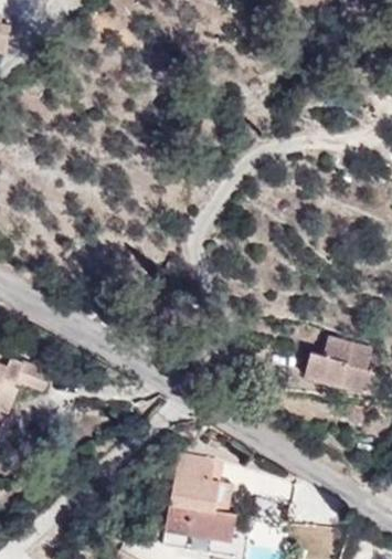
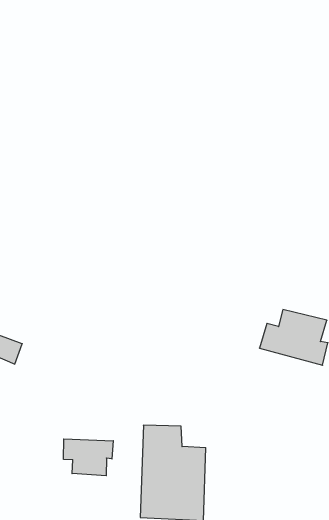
building: none -> [64,439,113,476]

